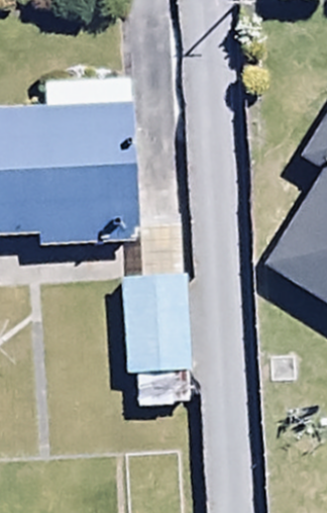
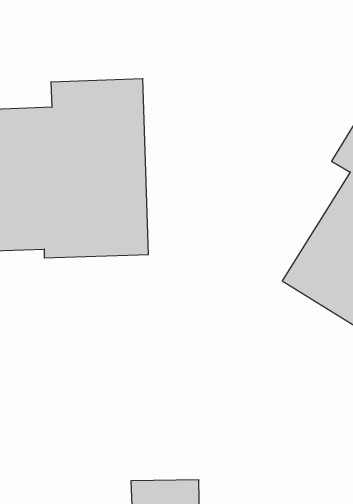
building: [124,274,191,406] -> none

